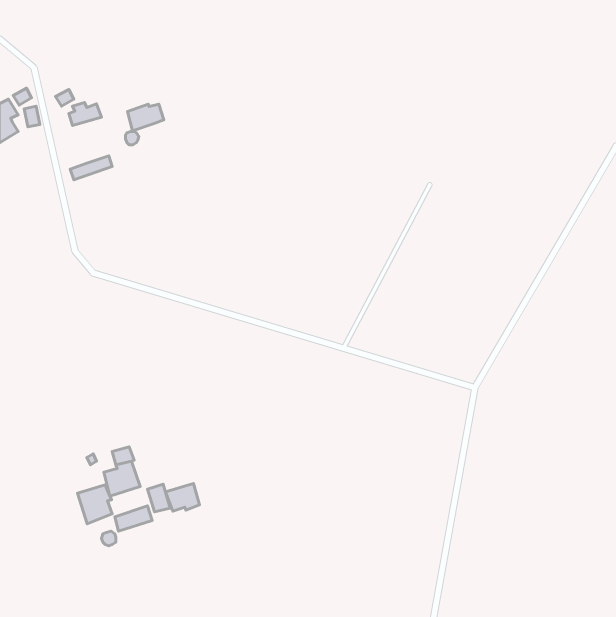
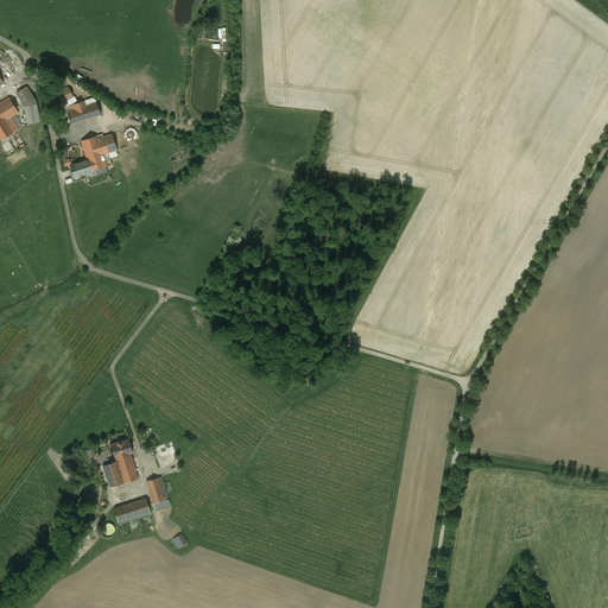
building: [128,104,164,131] -> [81,134,116,160]
building: [165,483,200,511] -> none
building: [77,485,112,524] -> none

